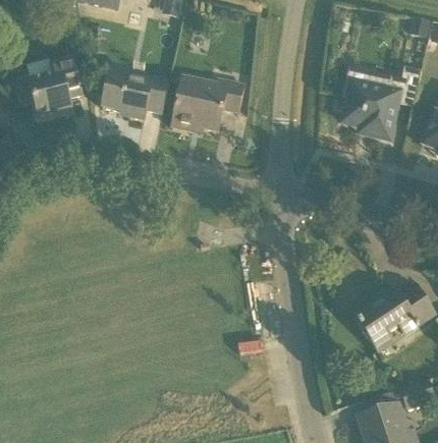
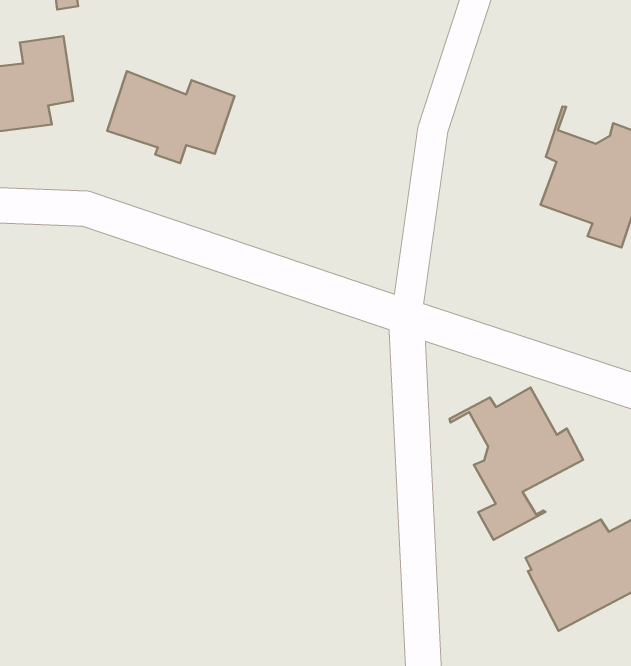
building: [170,74,243,131] -> none
building: none -> [449,387,583,540]

